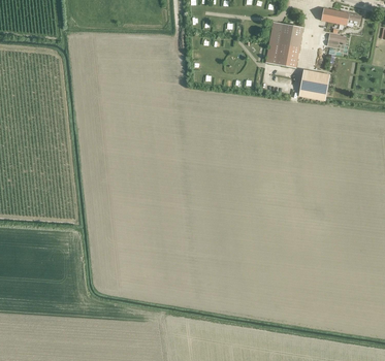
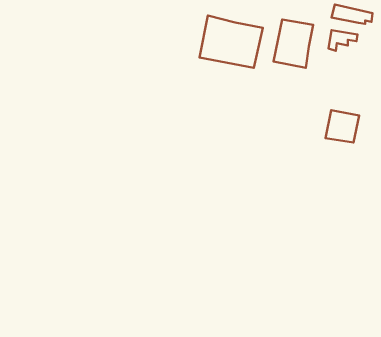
building: none -> [199,15,263,68]
building: [298,69,330,100] -> [326,110,359,142]

